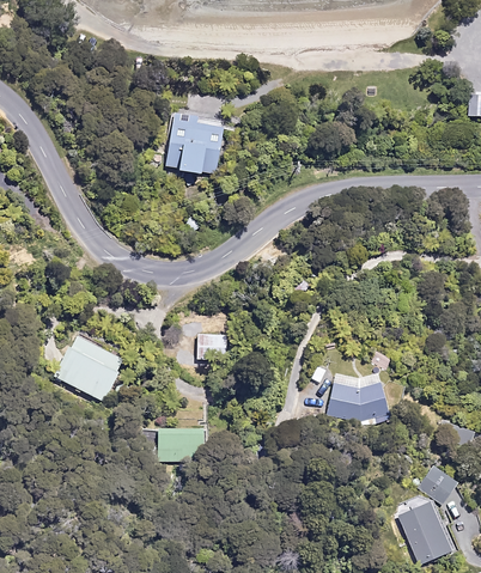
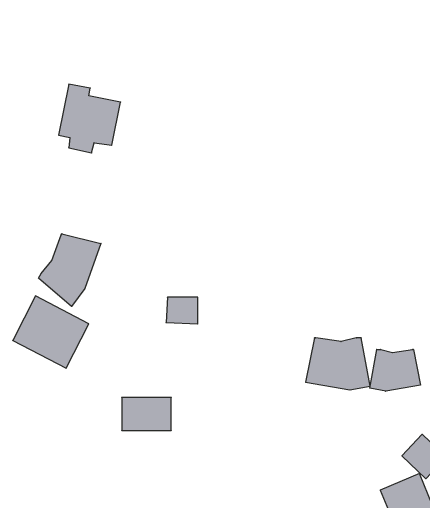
building: [165,111,224,176] -> [59,84,121,153]
building: none -> [39,234,101,306]
building: none -> [370,349,420,391]

